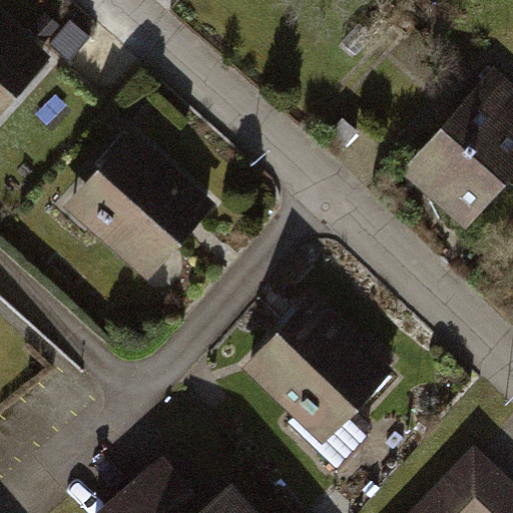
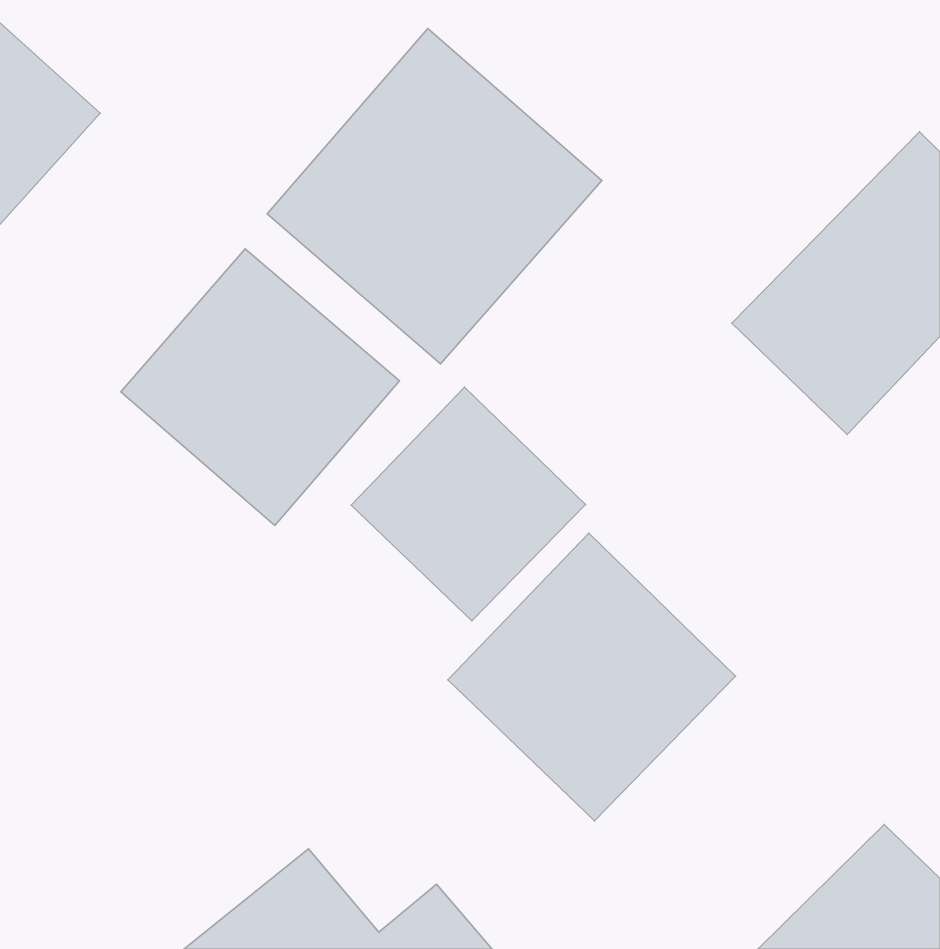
building: none -> [267,28,602,364]
building: none -> [351,387,585,621]

